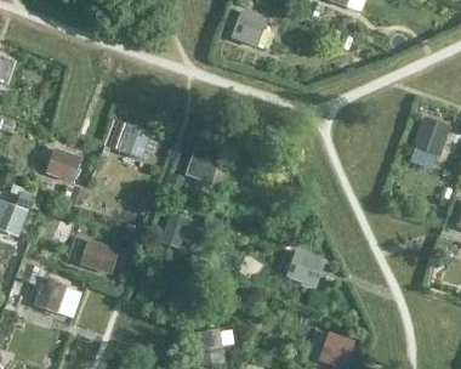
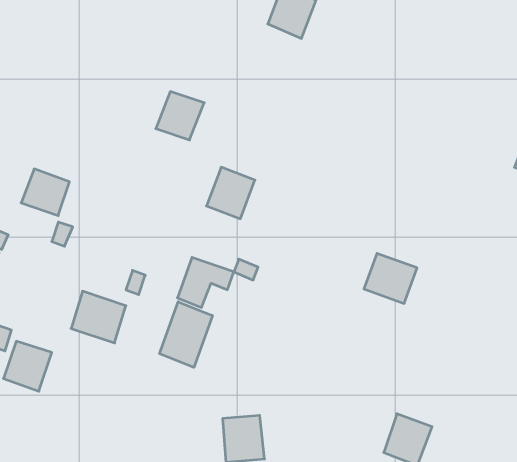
building: [115,121,152,158] -> [156,92,204,140]
building: none -> [160,302,212,367]
building: [284,249,324,286] -> [364,253,417,303]

